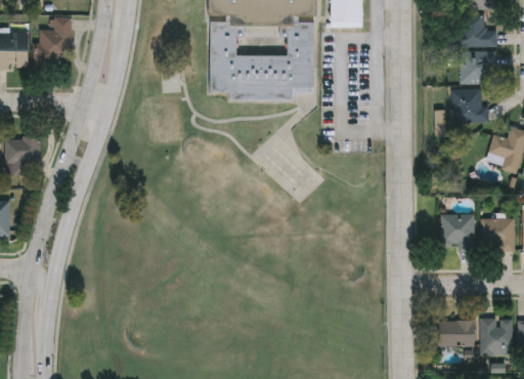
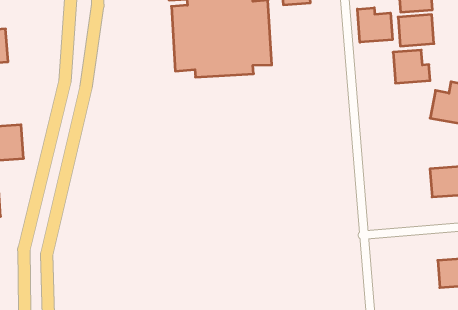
building: [39,26,71,64] -> none
building: none -> [357,8,392,42]
building: [439,215,473,252] -> none
building: [438,321,474,347] -> none

